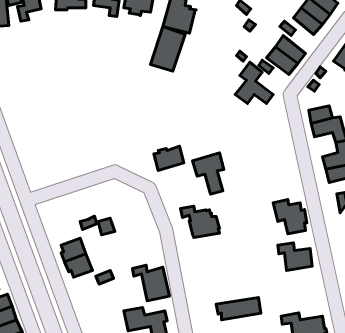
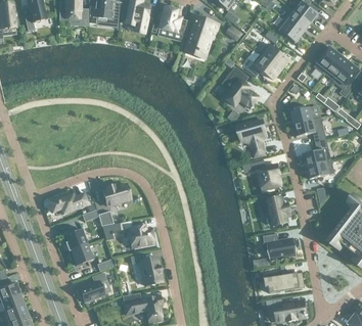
building: [150,27,185,71] -> [185,16,217,57]
building: [154,146,184,171] -> [102,183,130,205]
building: [193,153,224,194] -> [237,119,266,156]
building: none -> [251,160,280,189]
building: none -> [49,193,87,213]
building: [180,206,219,238] -> [119,220,154,248]
building: none -> [77,272,106,302]
building: [216,297,261,320] -> [264,272,305,292]

